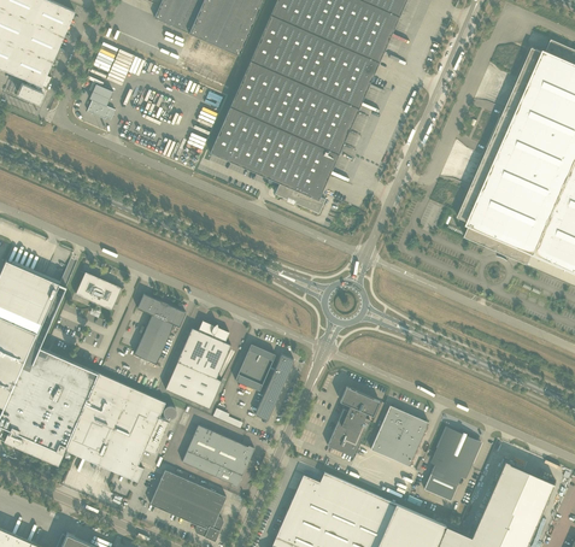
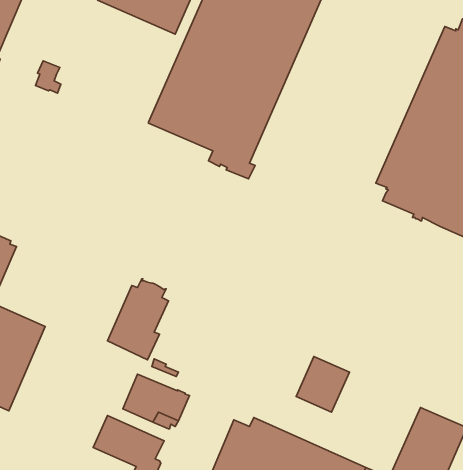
building: [76,272,121,310] -> none
building: [135,293,186,364] -> none
building: [235,343,294,419] -> none
building: [65,372,169,478] -> none
building: [327,386,379,457] -> none
building: [424,427,481,500] -> none

